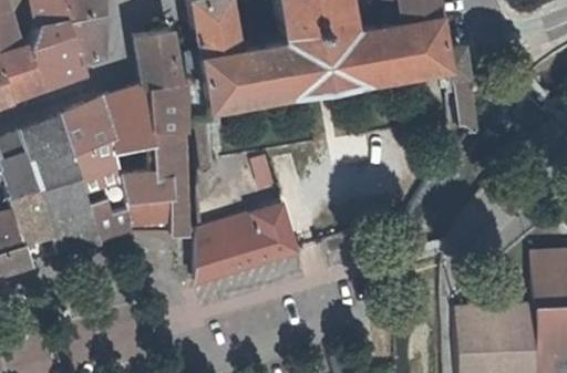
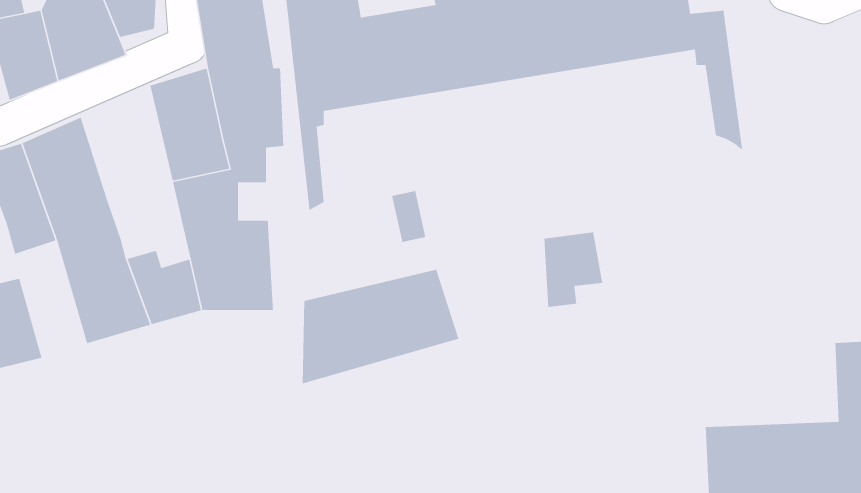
building: [60,92,123,189] -> none
building: [159,131,193,235] -> none
building: none -> [544,231,603,308]
building: [18,190,63,265] -> none

